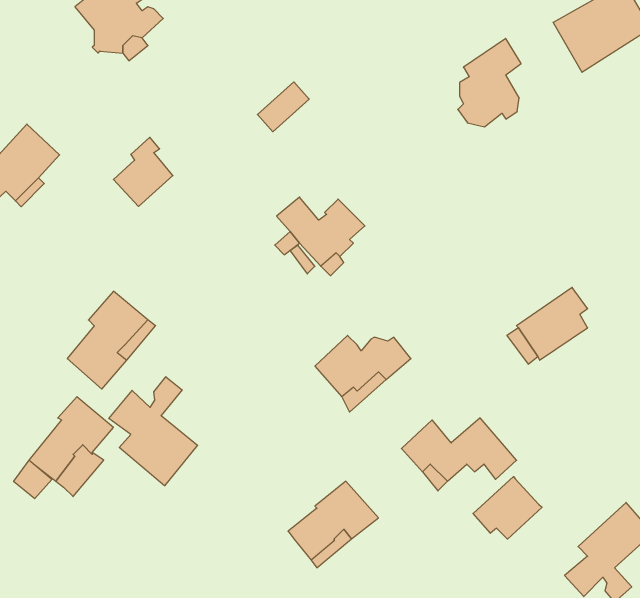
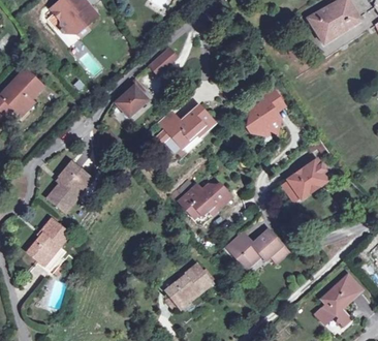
building: [458,38,521,127] -> [248,88,282,135]
building: [113,137,173,206] -> [116,79,148,116]
building: [109,377,198,486] -> none
building: [473,477,542,539] -> none

